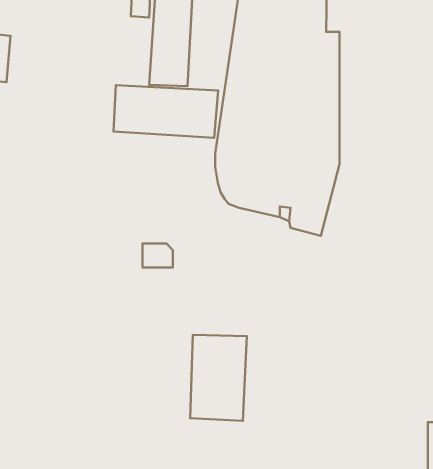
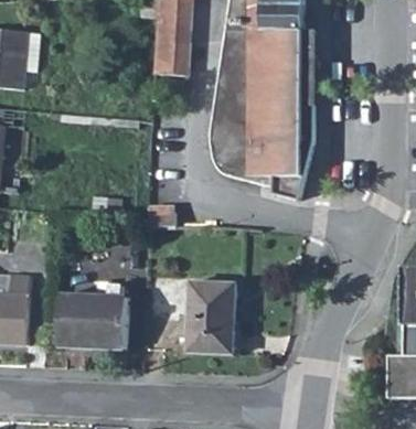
building: [114,85,218,138] -> none
building: none -> [58,285,126,350]

